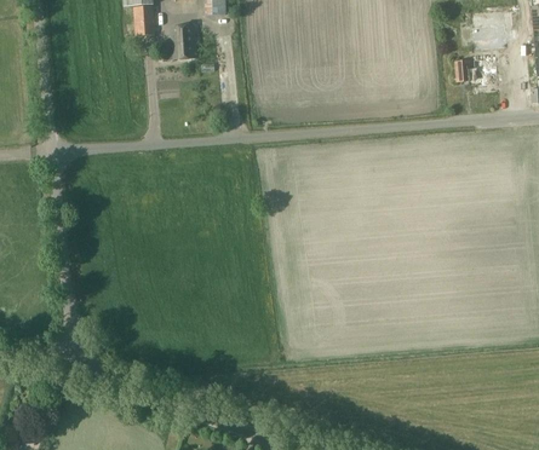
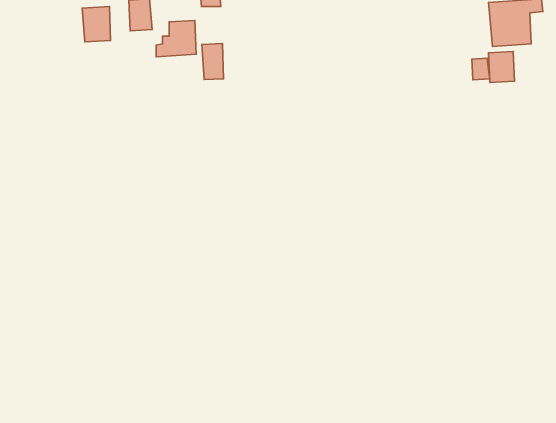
building: none -> [82,7,110,42]
building: none -> [202,43,224,80]

